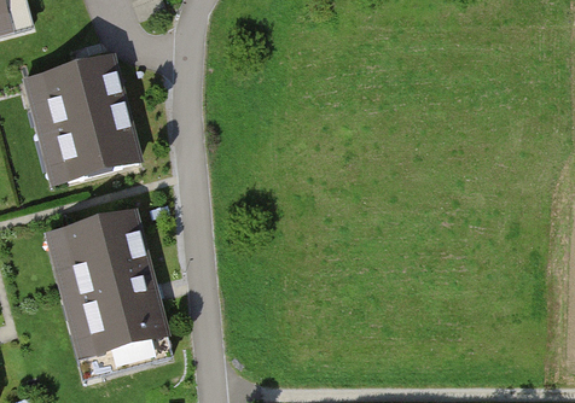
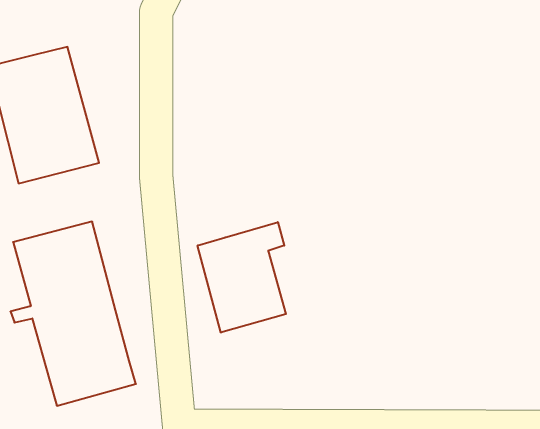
building: none -> [198,222,286,333]

